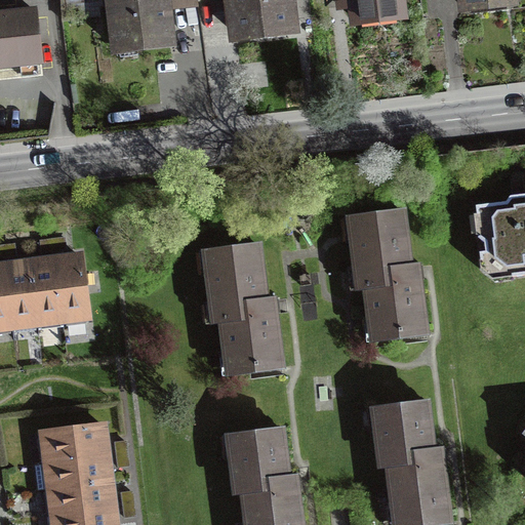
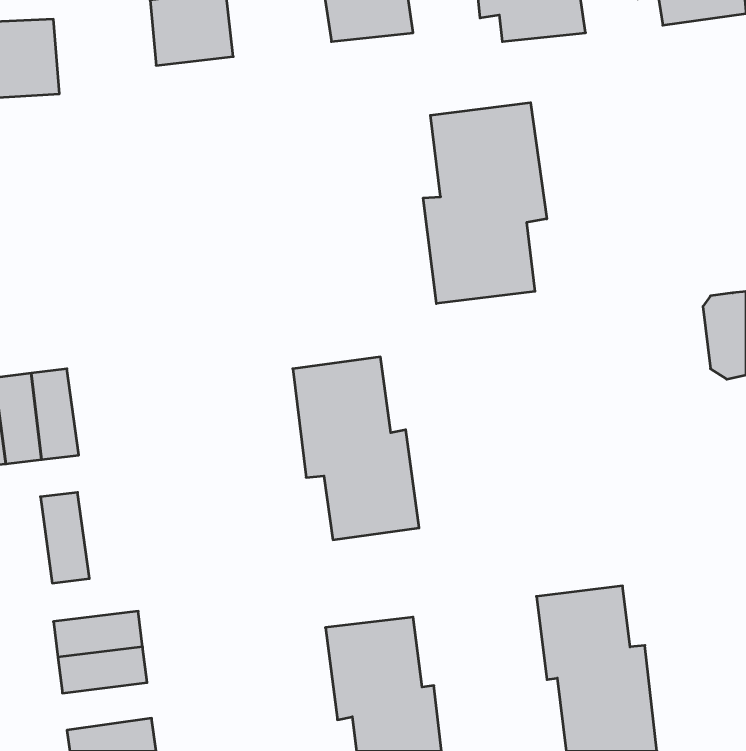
building: none -> [423,103,547,304]
building: [347,213,429,348] -> none
building: [46,251,80,314] -> [40,492,89,583]
building: [43,471,105,503] -> none

